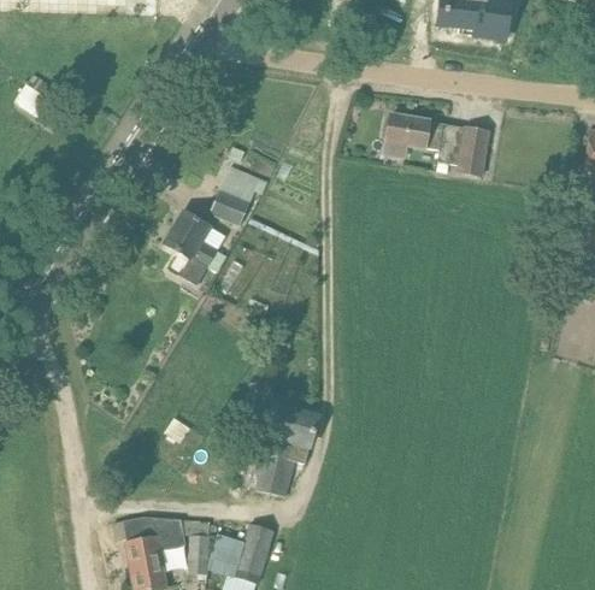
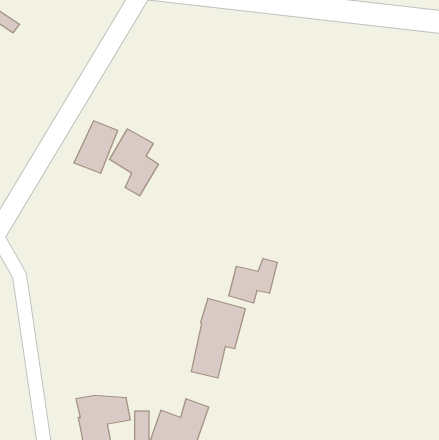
building: [381,113,489,177] -> none
building: [208,166,259,226] -> [74,121,118,173]
building: none -> [229,258,277,303]

